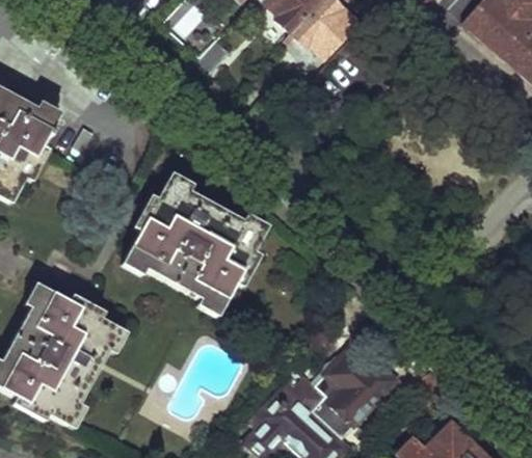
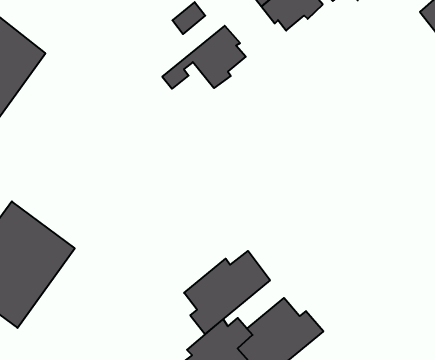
building: none -> [162,26,246,89]
building: [127,178,264,308] -> none
building: none -> [184,251,270,334]

